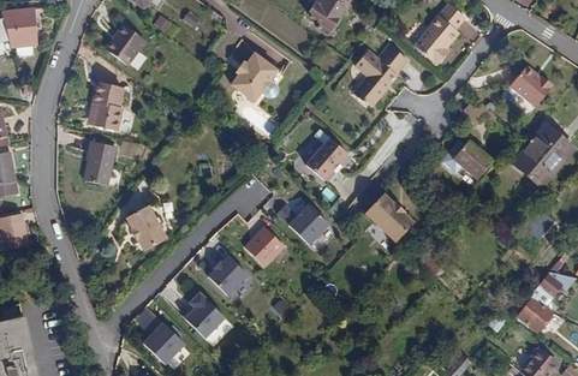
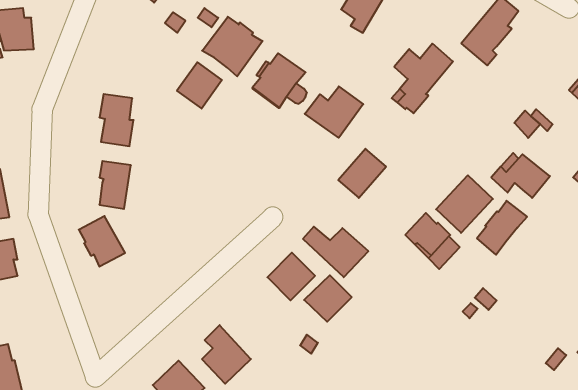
building: none -> [202,17,263,76]
building: [106,23,145,64] -> [177,62,222,109]
building: none -> [305,86,363,138]
building: none -> [436,175,493,233]
building: none -> [477,201,527,255]
building: [125,205,166,250] -> [79,216,125,267]
building: [208,256,250,297] -> [304,275,352,322]

